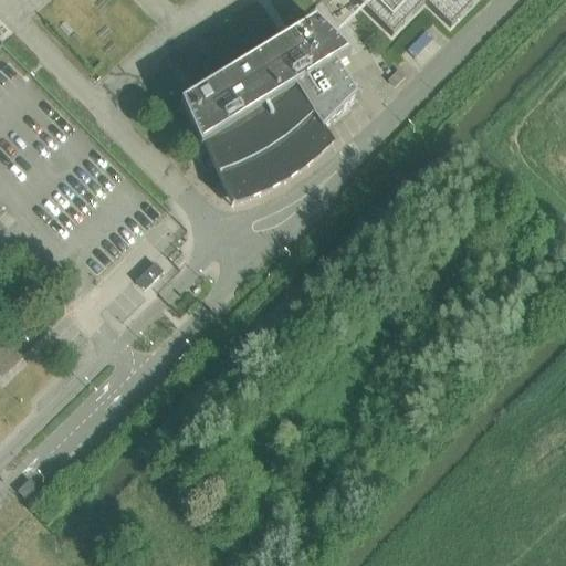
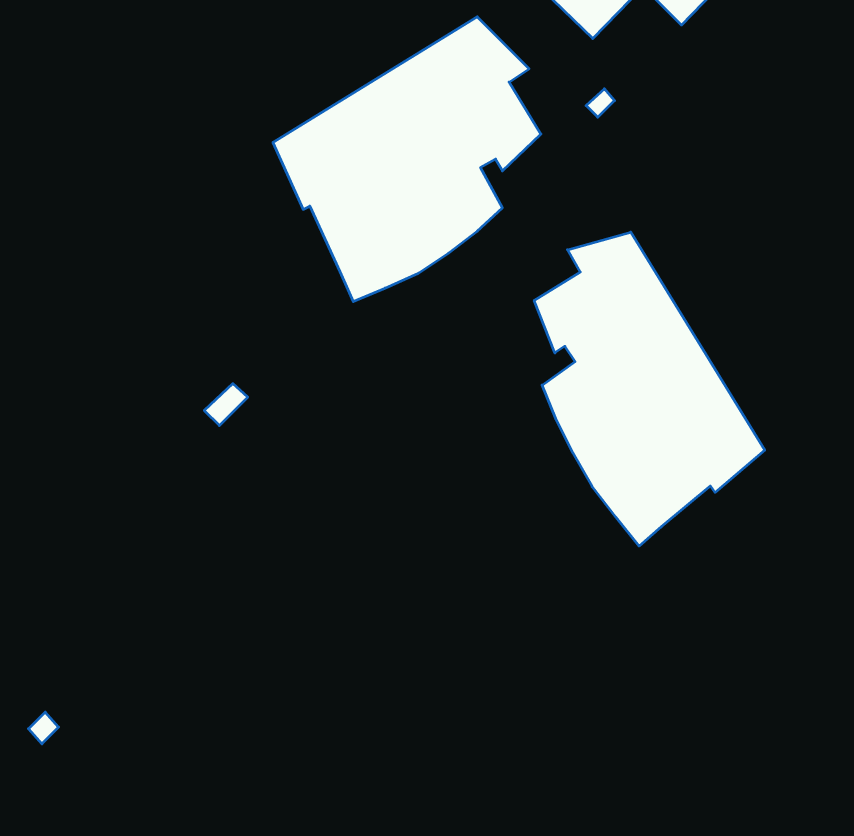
building: none -> [534,232,765,546]

